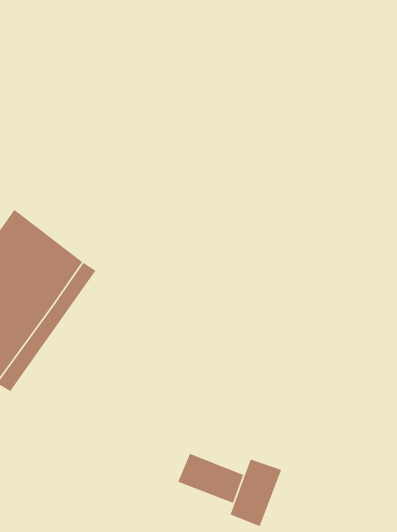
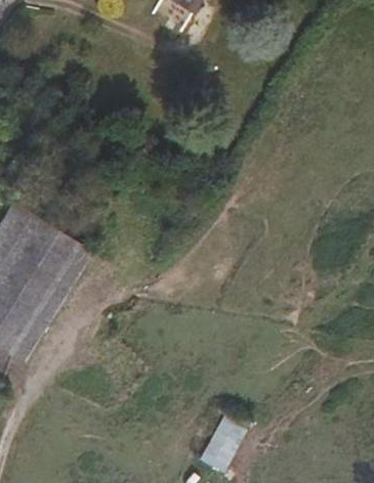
building: [177,453,244,504] -> none

